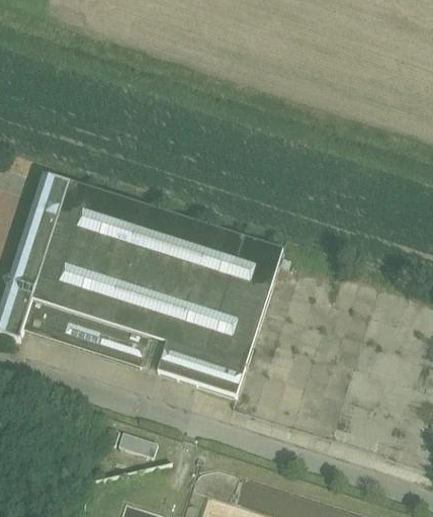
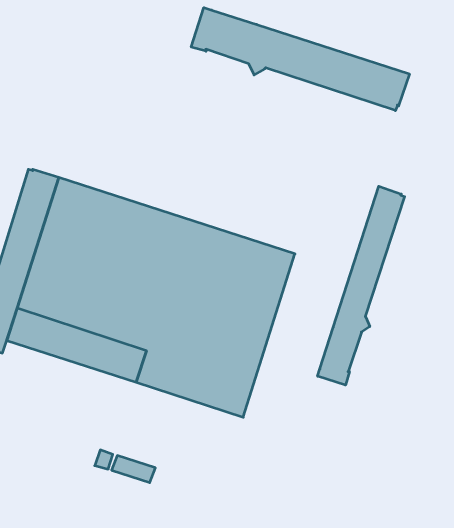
building: none -> [191,8,409,111]
building: none -> [318,186,405,385]

